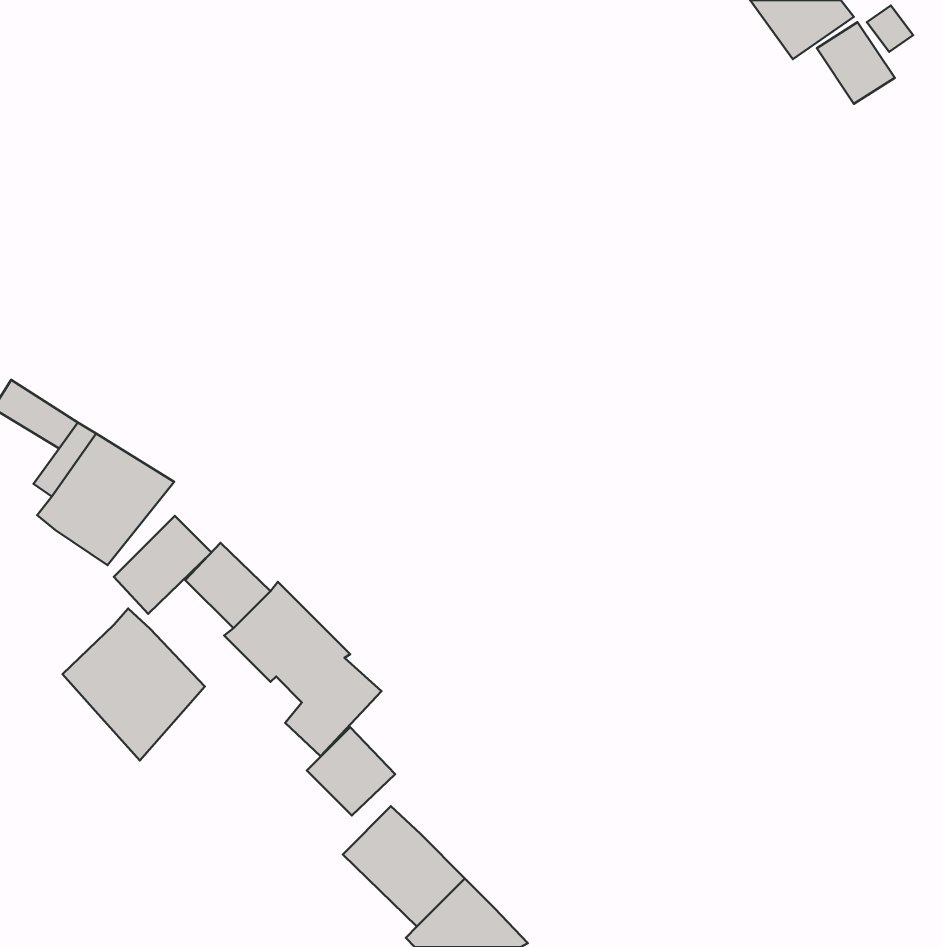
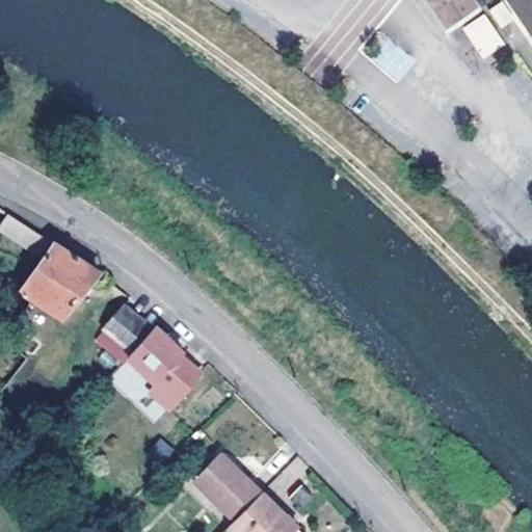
building: [114,516,211,614] -> none
building: [63,608,205,760] -> none
building: [307,727,395,816] -> none

